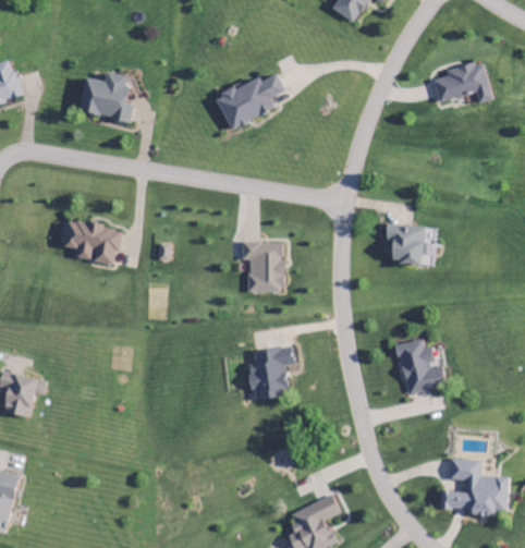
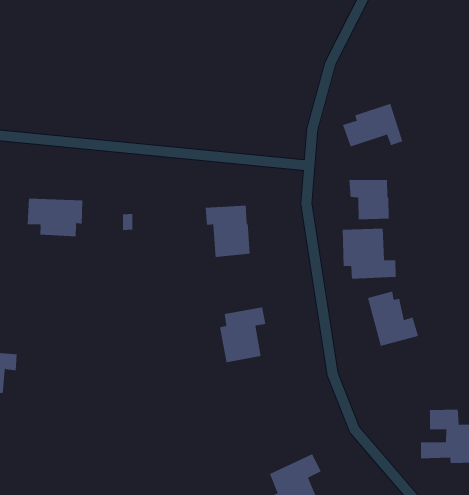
building: [432,61,492,103] -> [342,103,403,147]
building: [80,73,133,121] -> none
building: [215,73,285,132] -> none
building: none -> [342,228,396,279]

